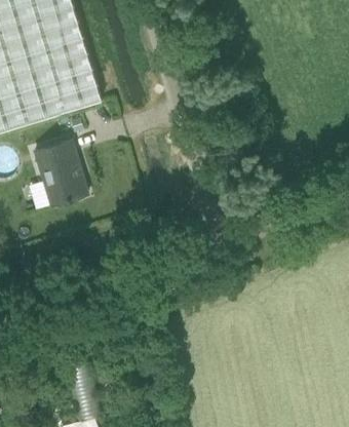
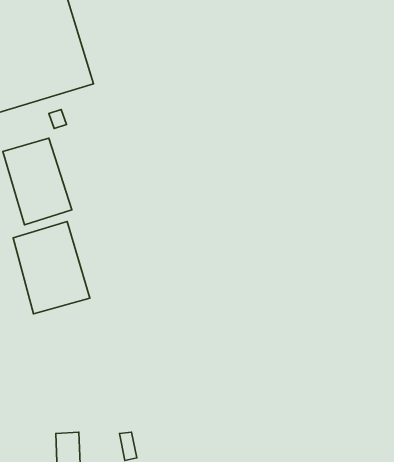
building: none -> [13,222,90,314]

